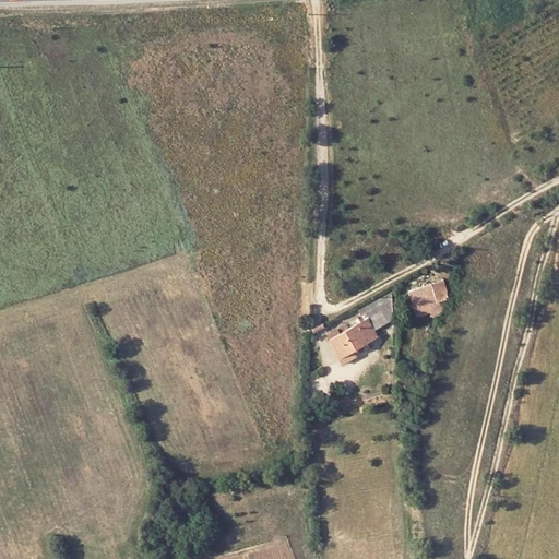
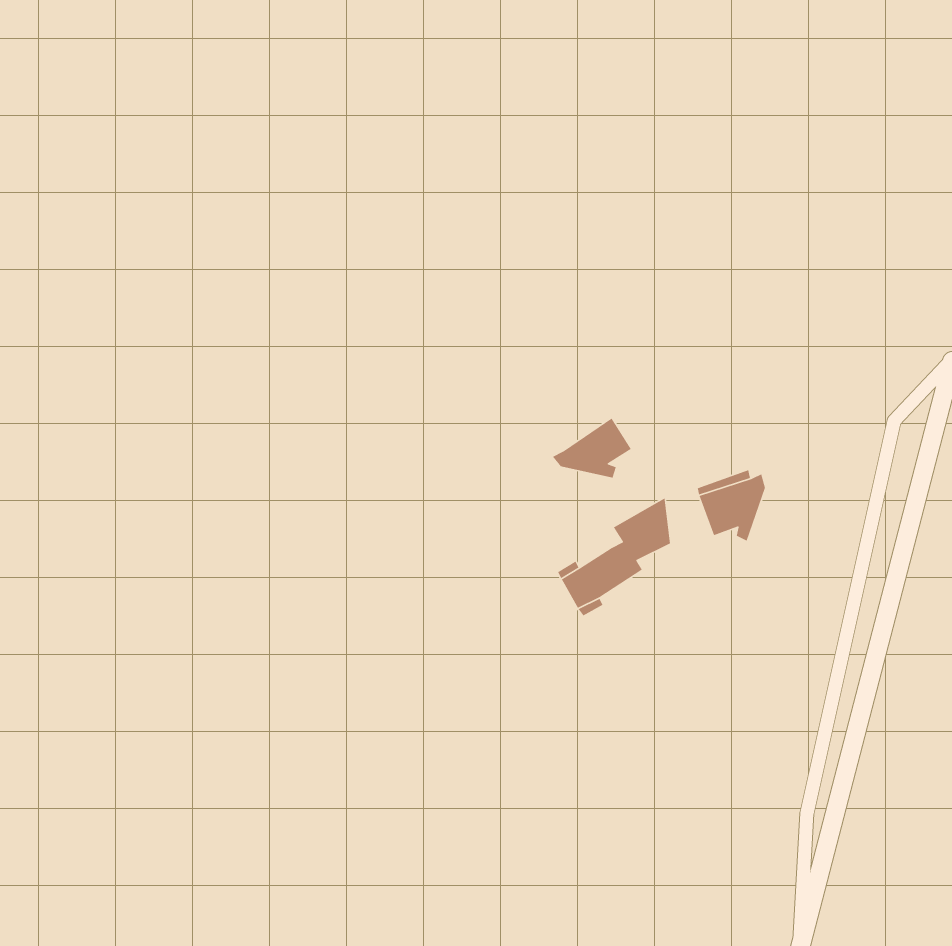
building: none -> [552,417,632,479]

